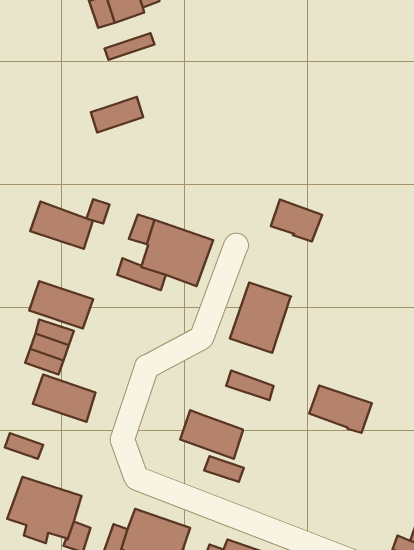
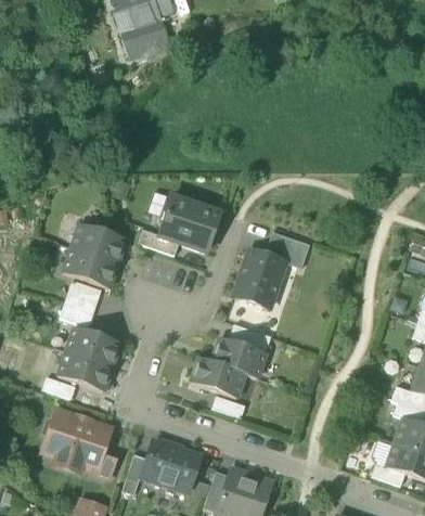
building: [91,97,143,133] -> [123,20,167,50]
building: [271,199,322,242] -> [267,231,310,267]
building: [30,202,93,249] -> [73,222,126,262]
building: [309,385,372,433] -> [212,337,266,377]
building: none -> [59,351,113,391]

